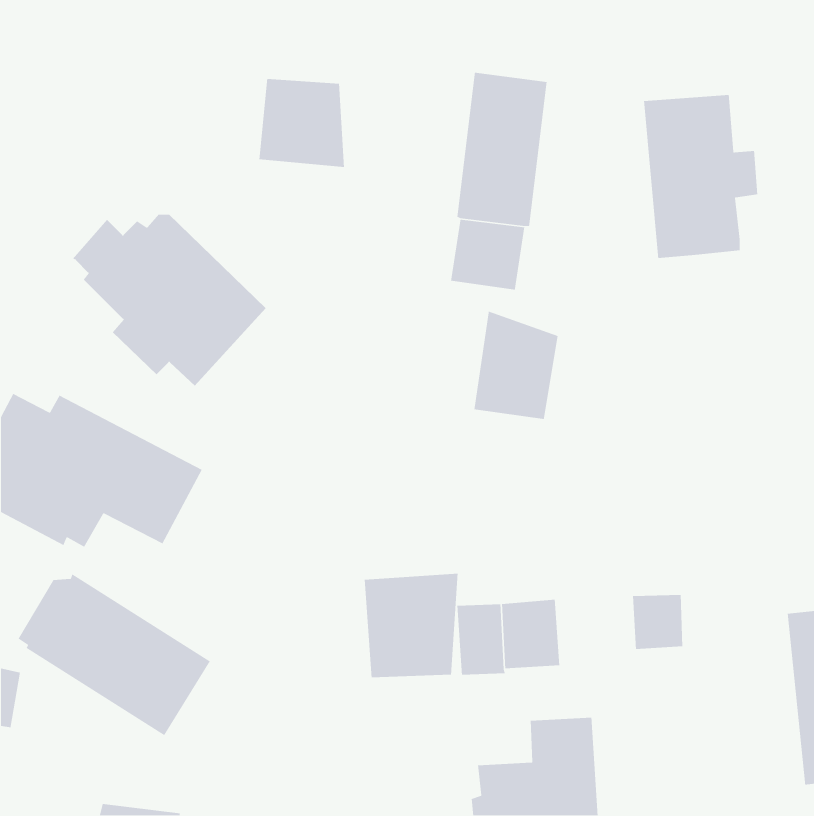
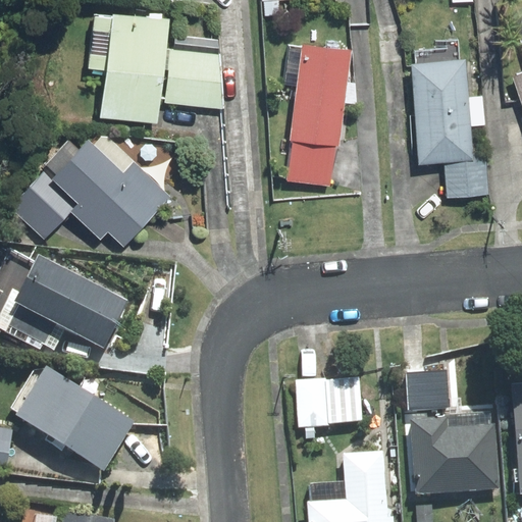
building: none -> [91,12,169,122]
building: none -> [446,152,489,198]
building: none -> [12,166,80,239]
building: [474,311,558,420] -> none
building: [364,573,459,678] -> none
building: none -> [405,419,495,501]

